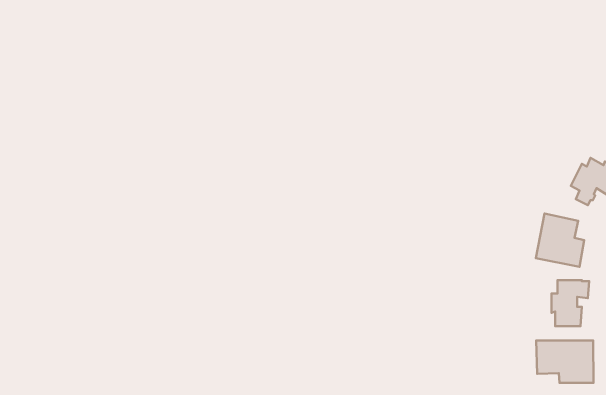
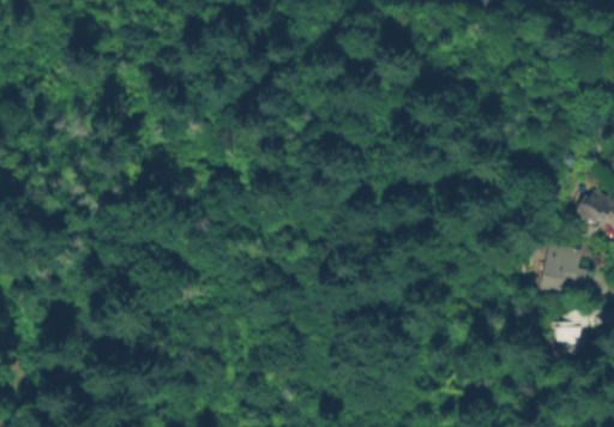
building: [536,341,594,383] -> none

